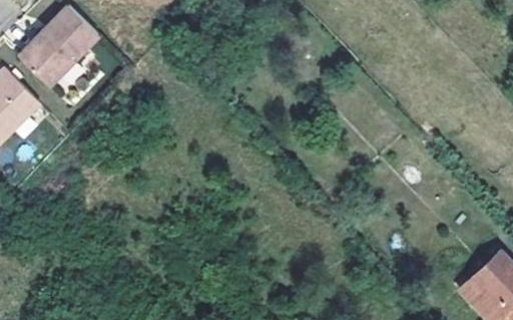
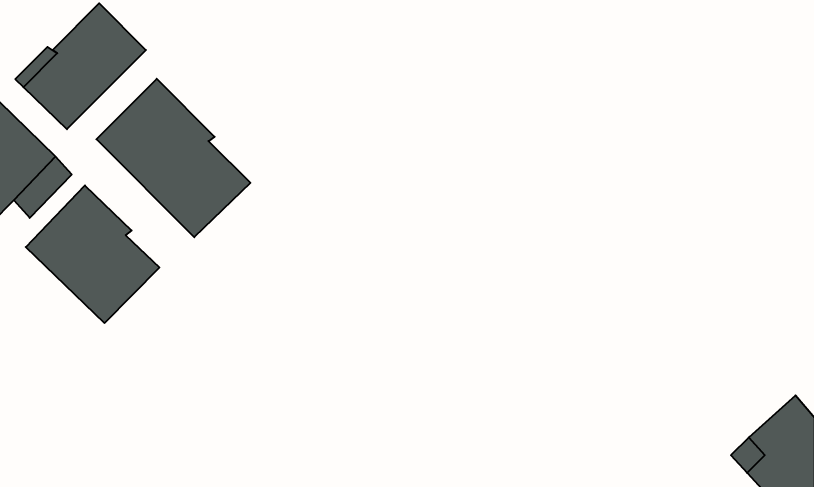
building: none -> [96,79,250,237]
building: none -> [26,185,159,323]

